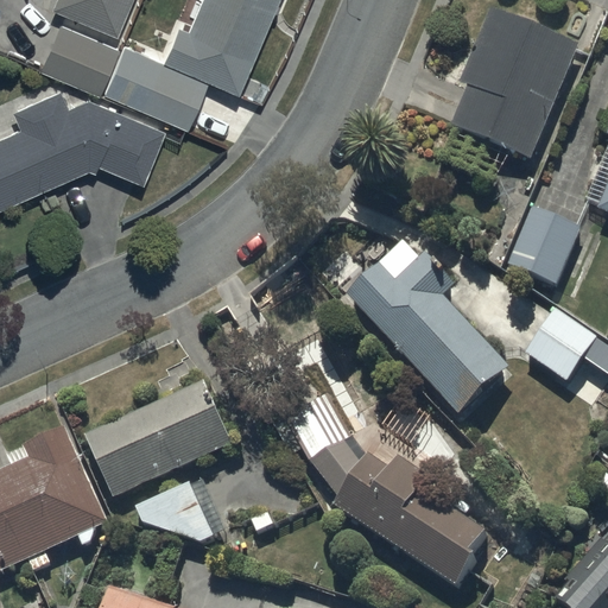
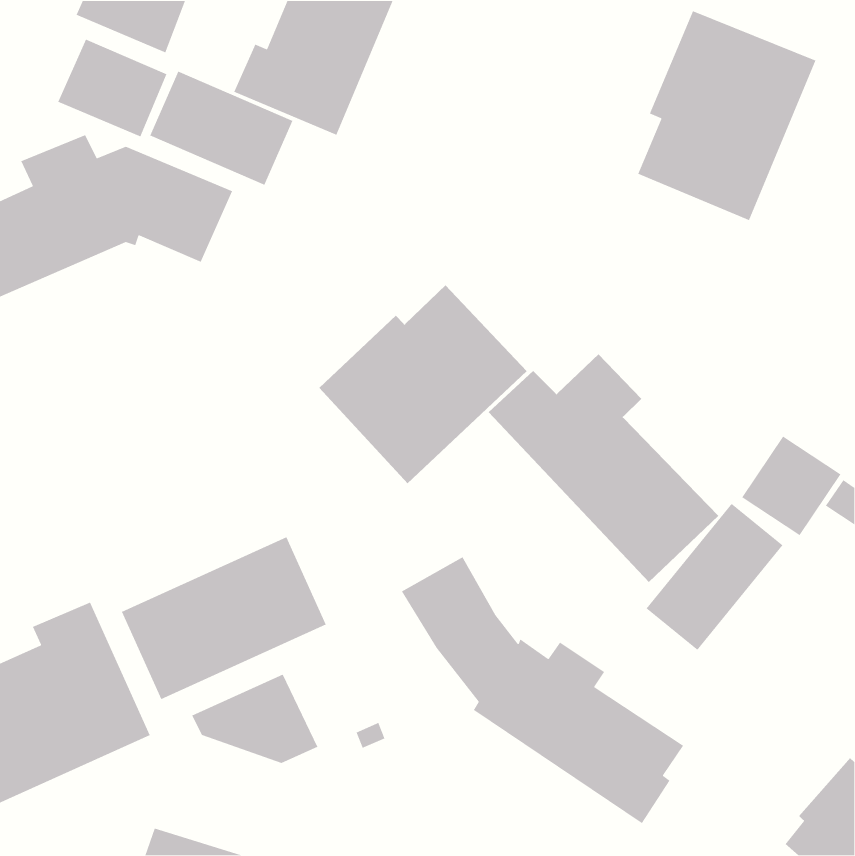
building: none -> [319,285,527,484]
building: [508,207,580,284] -> none
building: none -> [645,503,783,651]

